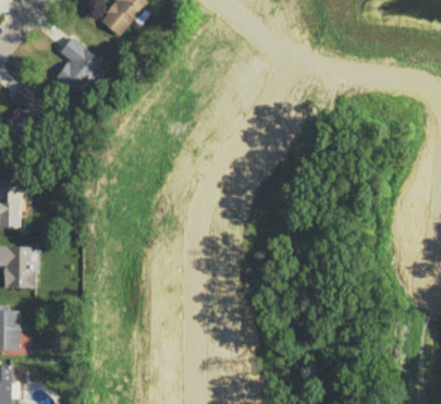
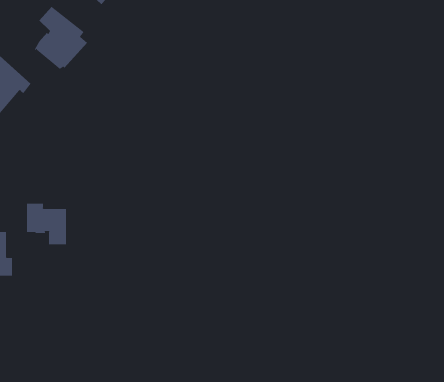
building: none -> [27,203,67,245]

